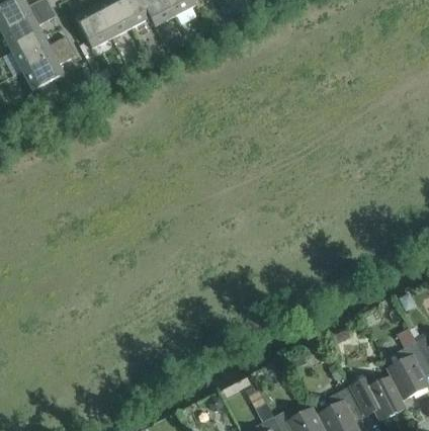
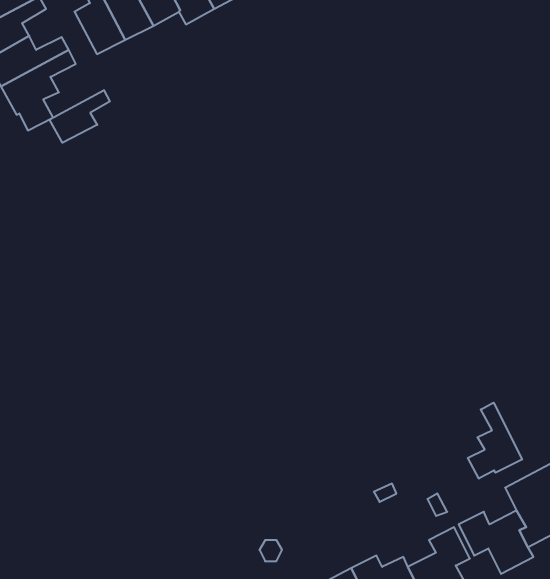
building: none -> [50,90,110,143]
building: none -> [468,403,522,479]

